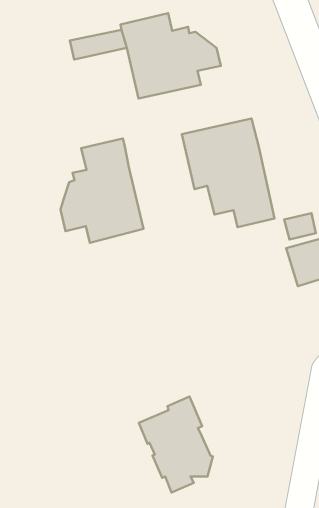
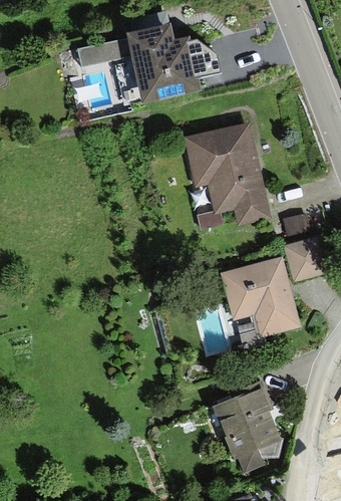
building: [60,139,144,243] -> none
building: none -> [221,257,301,337]
building: [139,397,213,492] -> [213,382,283,473]

